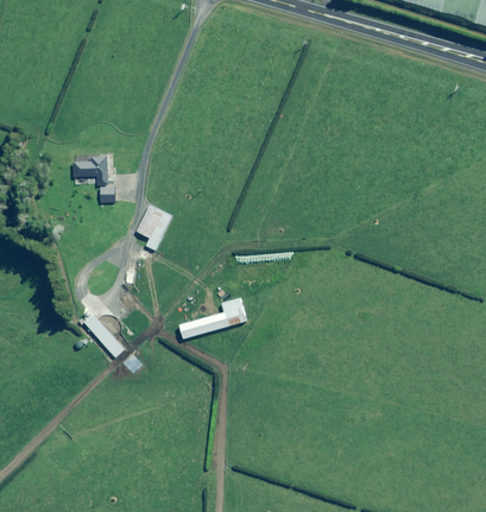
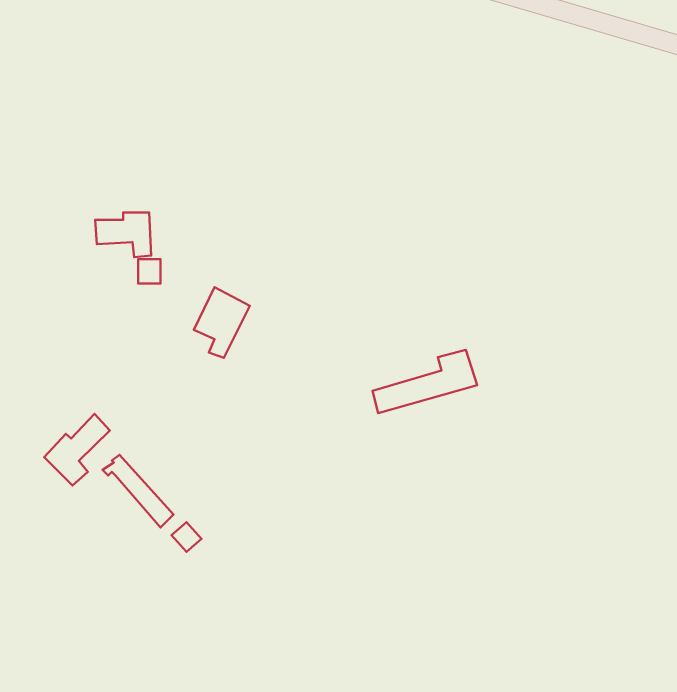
building: none -> [44,414,110,486]
building: [181,298,247,339] -> [373,350,477,413]

